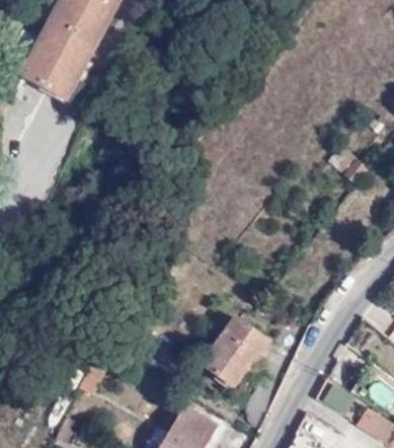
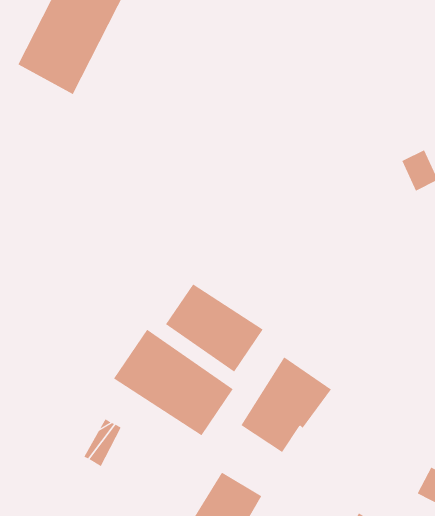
building: none -> [165,283,264,372]
building: none -> [113,329,233,436]

